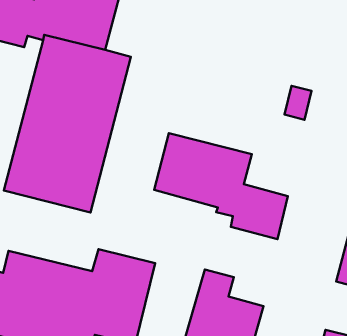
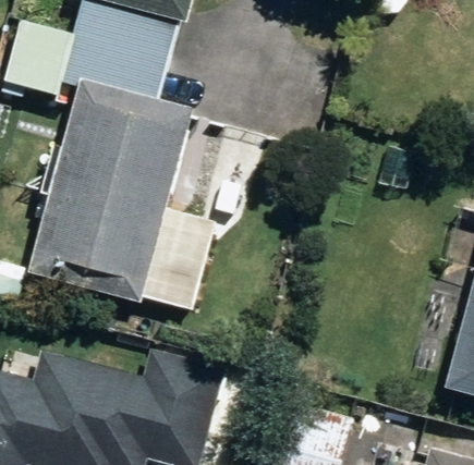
building: [154,133,288,239] -> none

